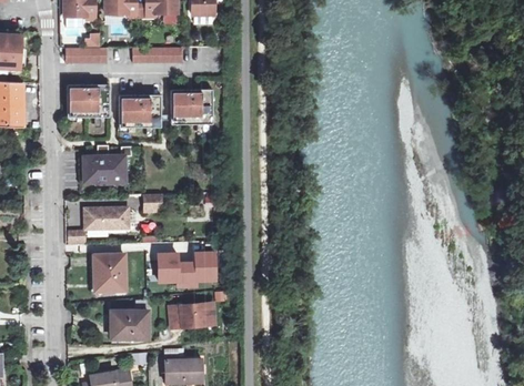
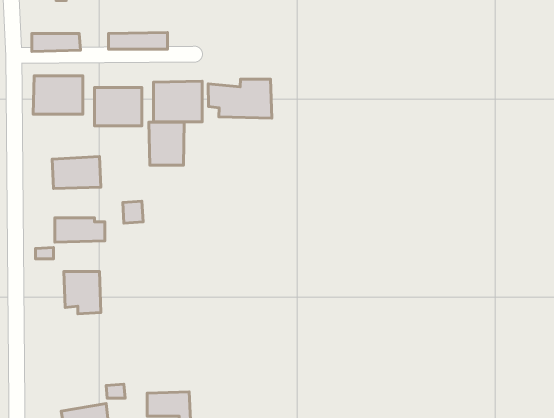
building: none -> [208,79,272,118]
building: none -> [149,122,184,165]
building: [155,250,216,287] -> none
building: [171,303,215,328] -> none
building: [112,311,148,337] -> none

